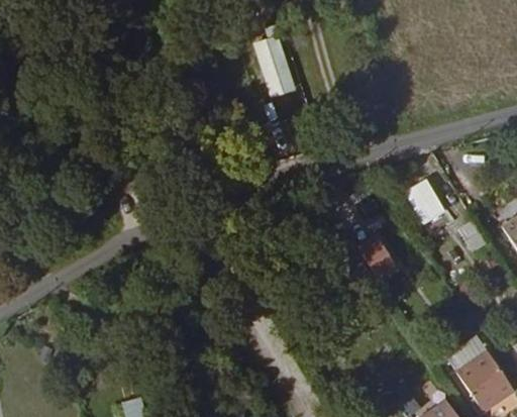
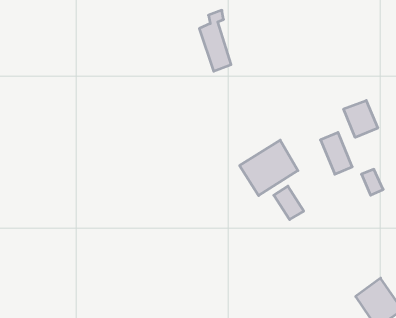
building: none -> [344,100,378,137]
building: none -> [240,140,298,196]

